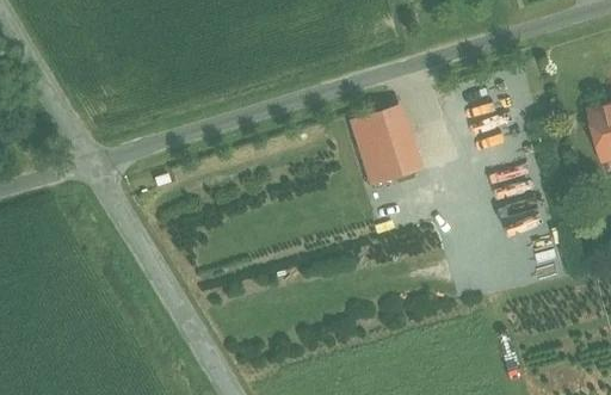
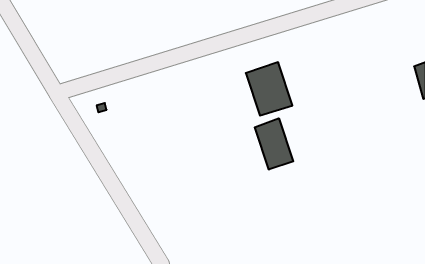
building: none -> [255,118,293,170]

